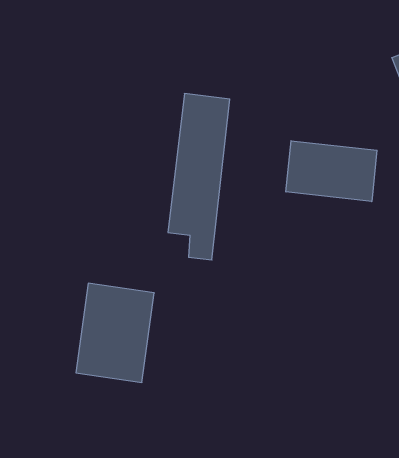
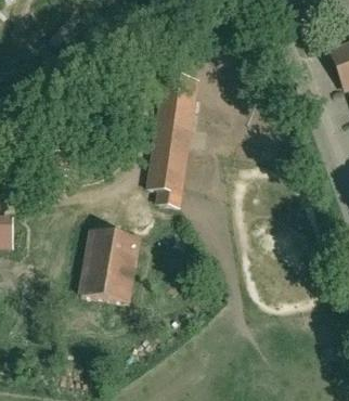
building: [286,141,377,202] -> none

